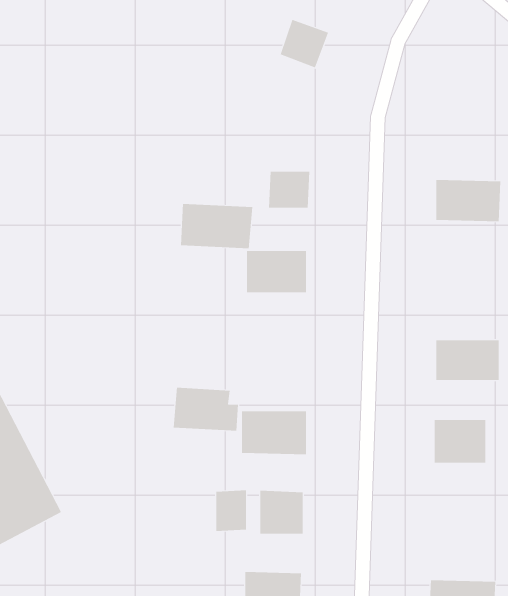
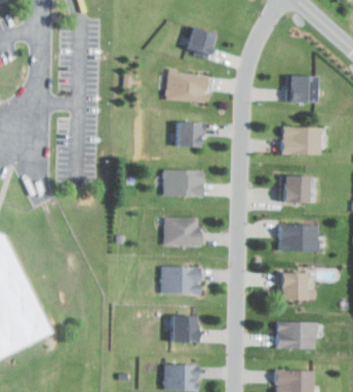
building: none -> [286,75,315,105]
building: [180,203,253,249] -> [167,74,211,102]
building: none -> [281,175,311,203]
building: [173,387,239,431] -> [163,219,203,245]
building: [216,490,247,532] -> none
building: none -> [275,321,314,347]

